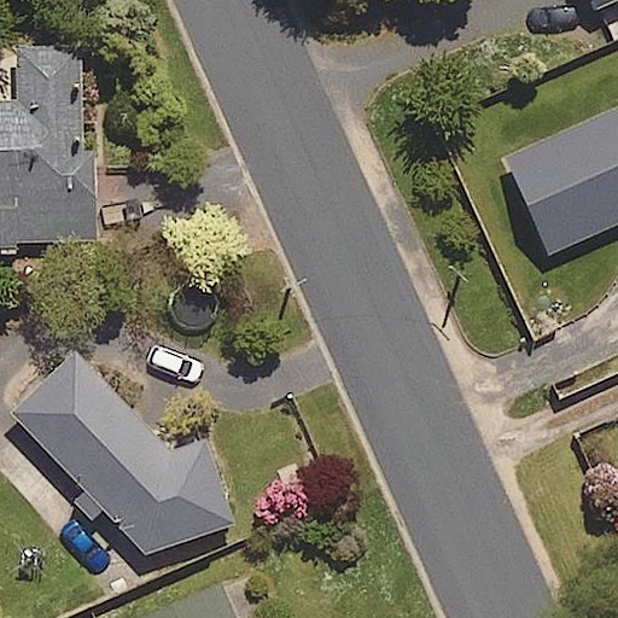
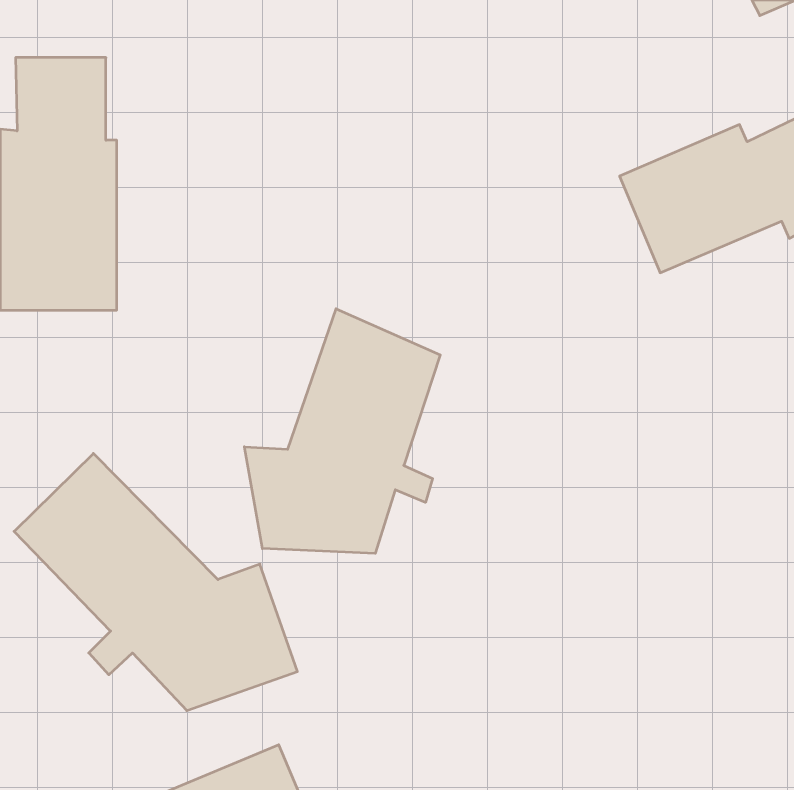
building: none -> [244,309,440,553]

